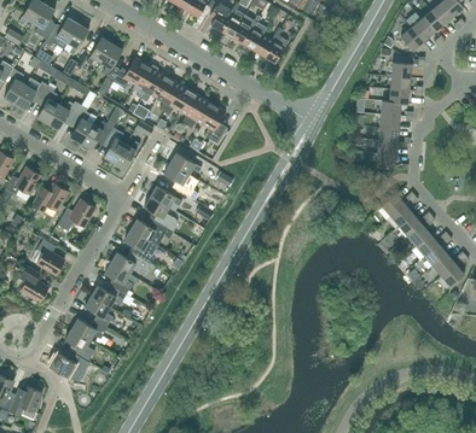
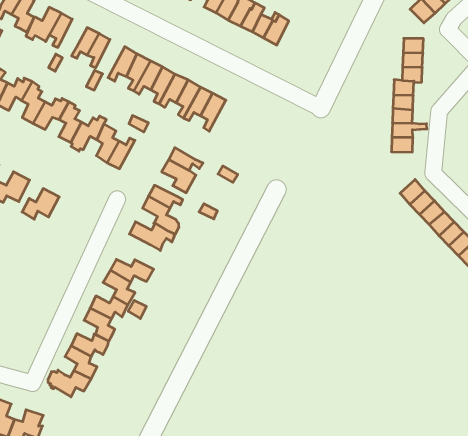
building: [57,199,95,230] -> none
building: [124,229,158,263] -> none
building: [36,239,64,274] -> none
building: [21,265,48,302] -> none

